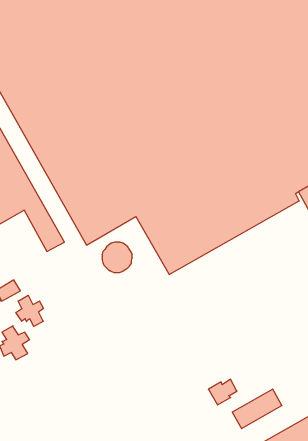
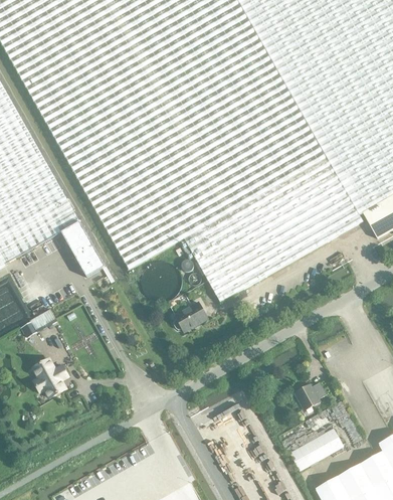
building: none -> [174,302,208,332]
building: [16,295,43,326] -> none
building: [208,379,237,405] -> [296,381,327,409]

